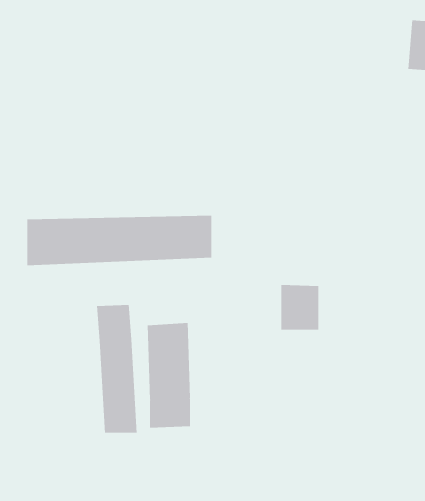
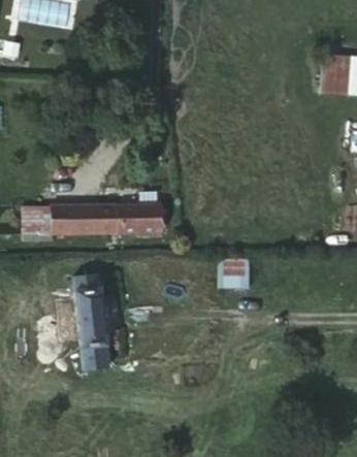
building: [147,322,190,428] -> none

